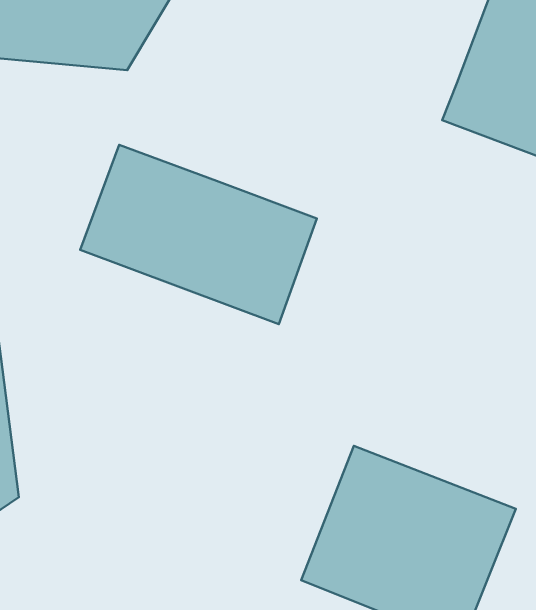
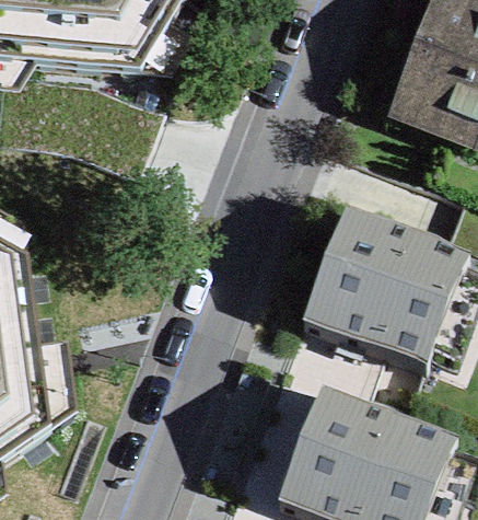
building: [80,145,317,324] -> none
building: none -> [299,205,464,362]

